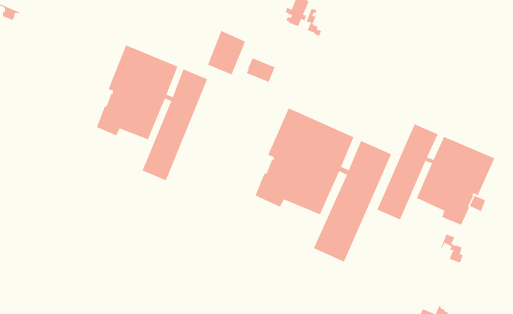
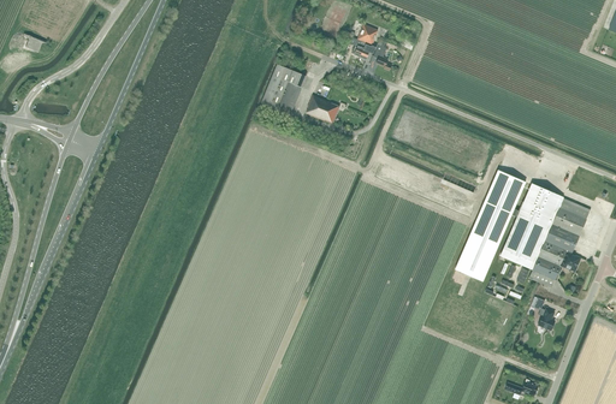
building: [96,44,208,181] -> none
building: [255,107,392,262] -> none

